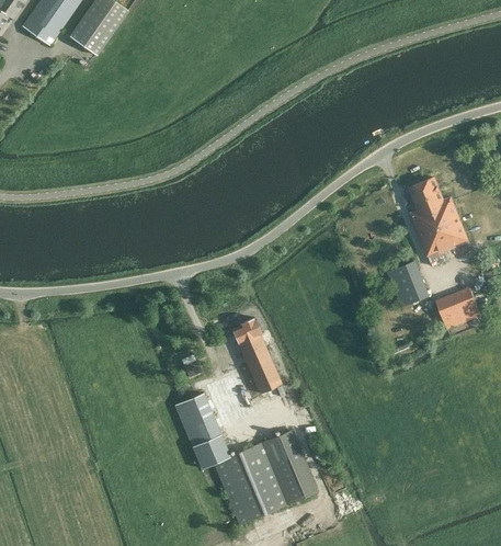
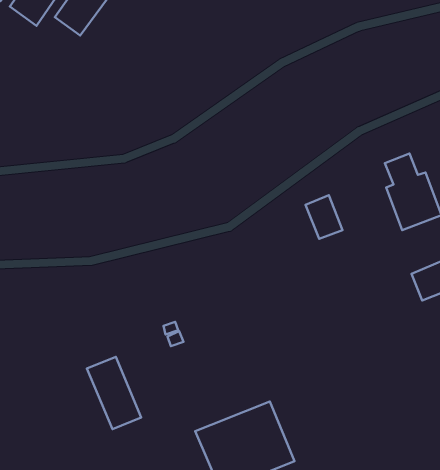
building: [388,261,426,306] -> [305,195,343,239]
building: [231,317,282,393] -> none
building: [174,394,230,468] -> [87,357,141,429]

